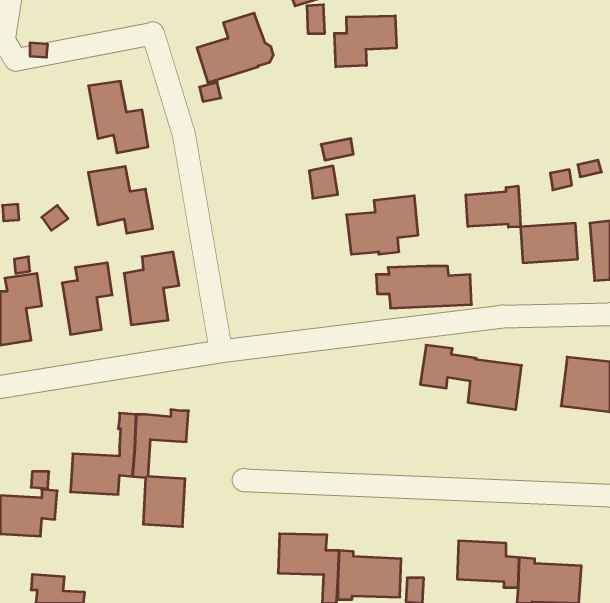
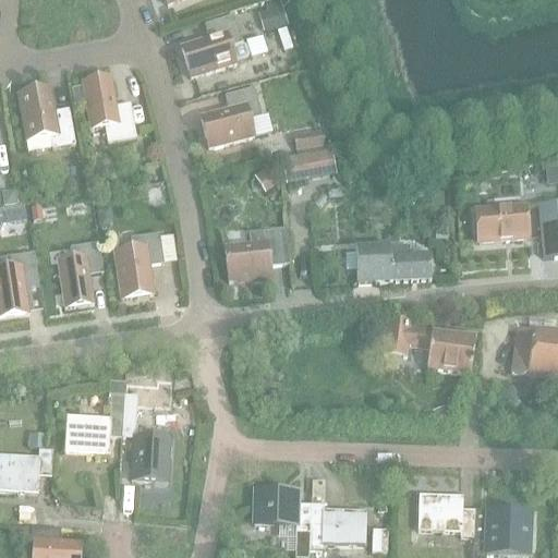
building: [334,16,396,67] -> none
building: none -> [198,84,260,146]
building: [88,166,153,233] -> [16,85,75,146]
building: [466,186,520,227] -> none
building: [346,196,418,254] -> [223,226,289,279]

